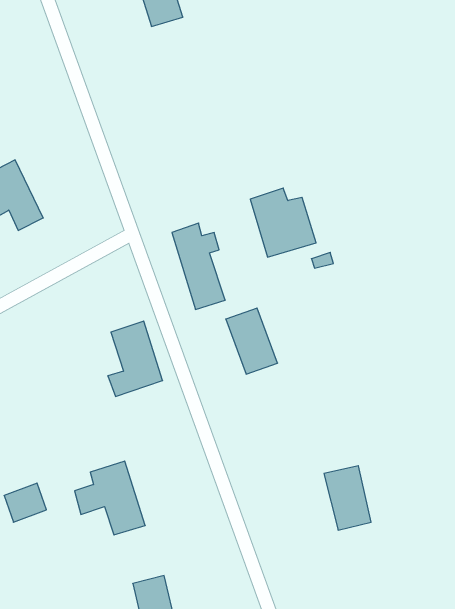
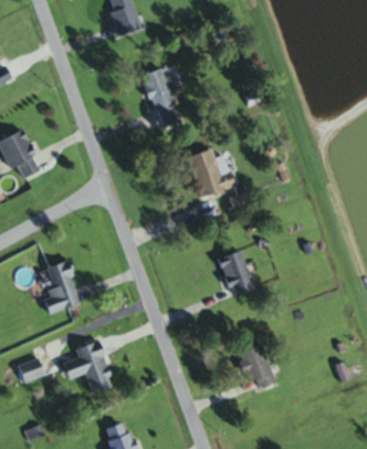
building: [172,223,225,309] -> [143,67,180,128]
building: [226,308,278,374] -> [218,251,254,297]
building: [108,321,163,396] -> [42,261,81,314]

